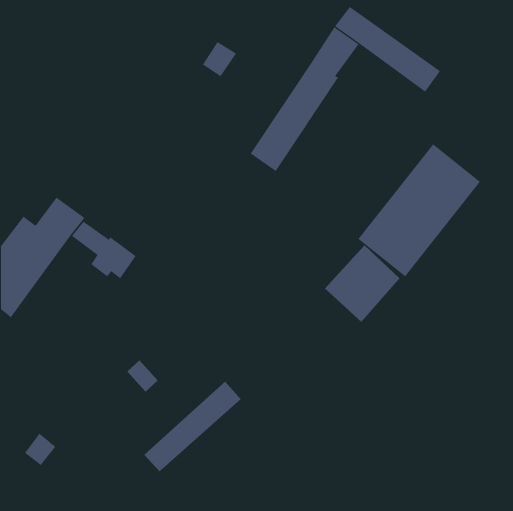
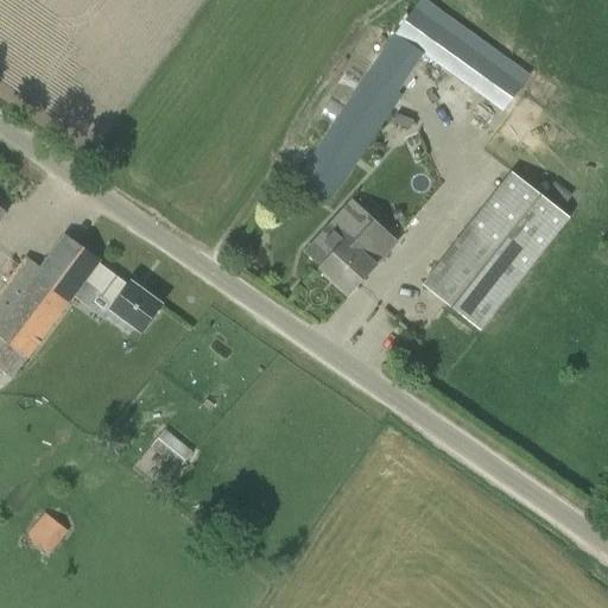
building: [202,41,237,77] -> none
building: [324,244,401,323] -> [305,200,395,292]
building: [143,381,241,472] -> none

